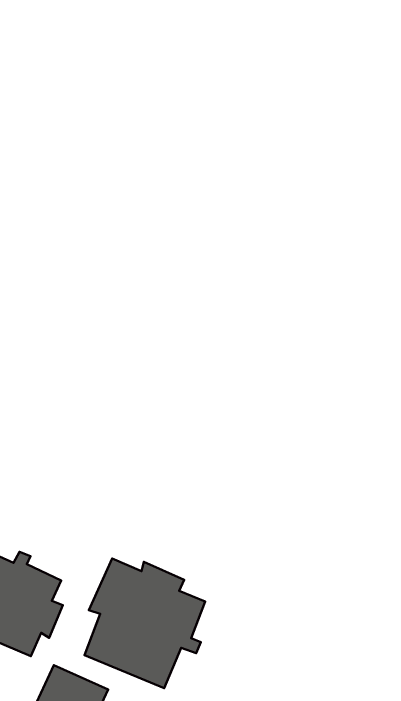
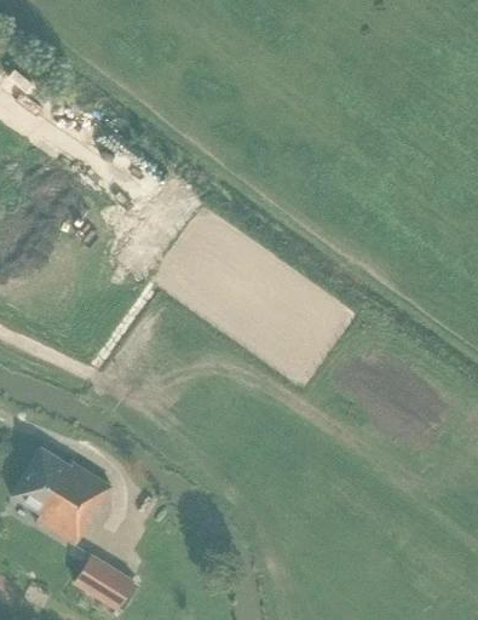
building: [84,558,205,688] -> none

